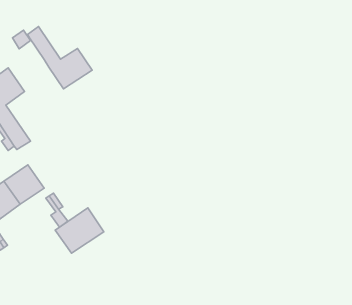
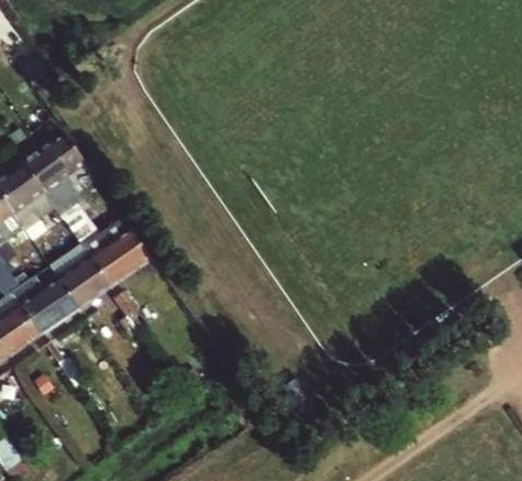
building: [28,26,92,89] -> none
building: [55,208,104,253] -> [88,229,151,287]

